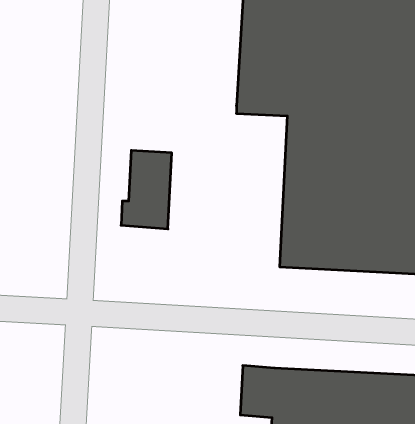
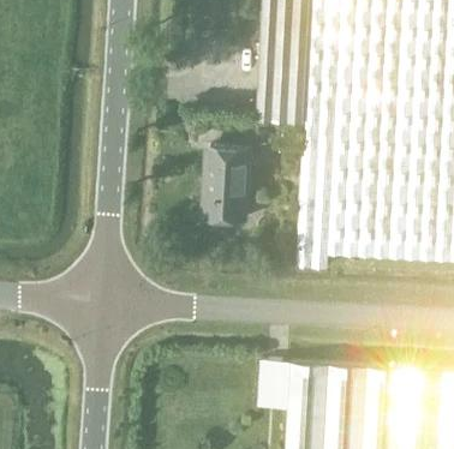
building: [121,150,172,229] -> [205,148,253,222]

